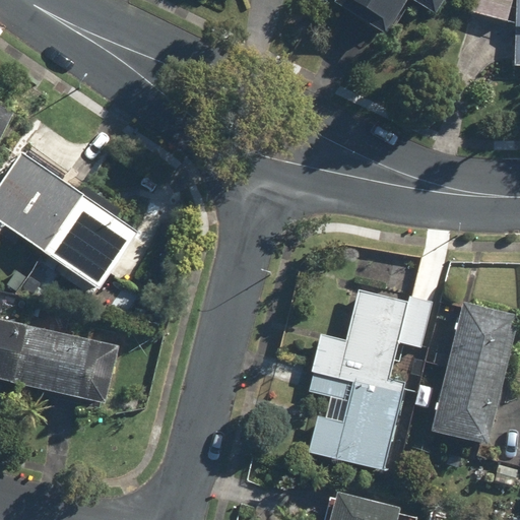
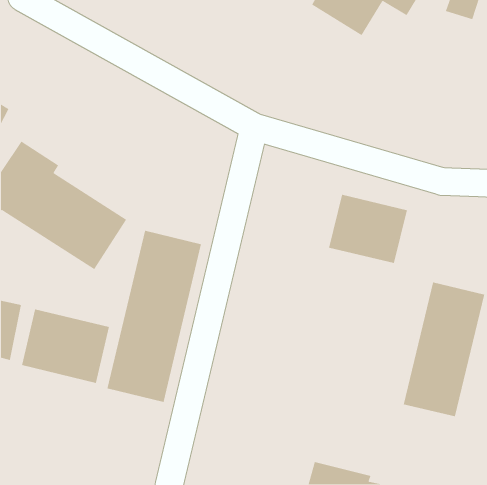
building: none -> [328,194,408,264]
building: none -> [107,230,202,403]
building: [307,287,430,467] -> none

